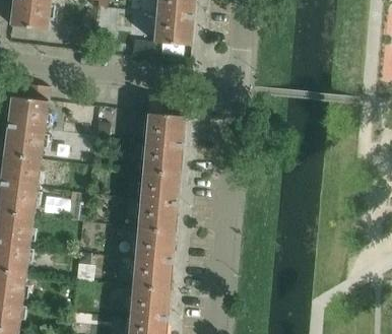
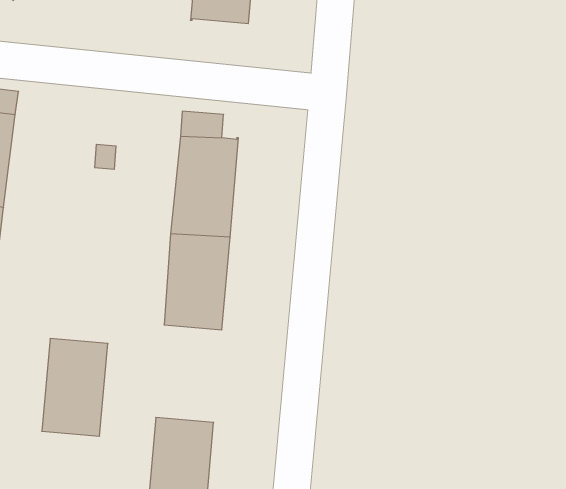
building: [133,231,174,291] -> [42,339,108,436]

